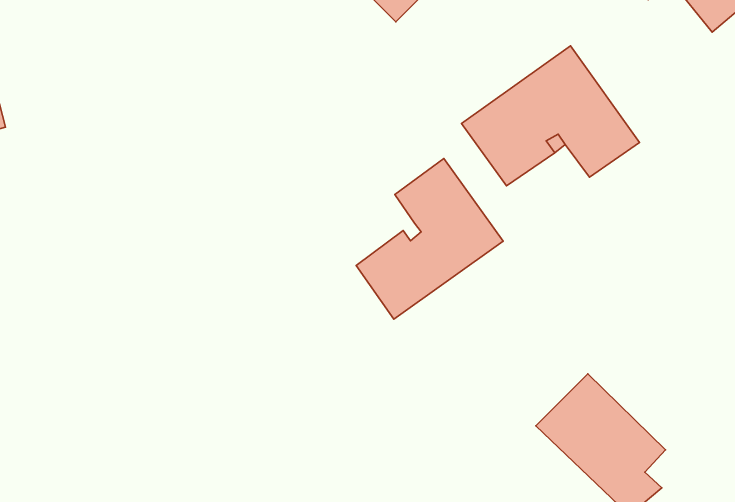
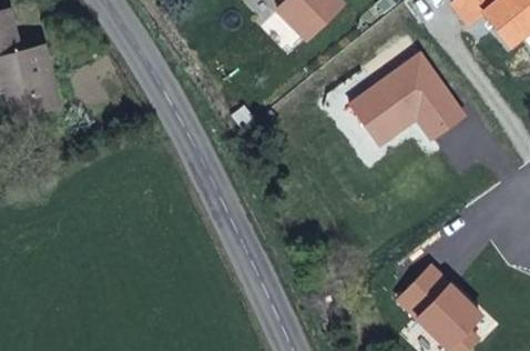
building: [356,158,503,319] -> none

